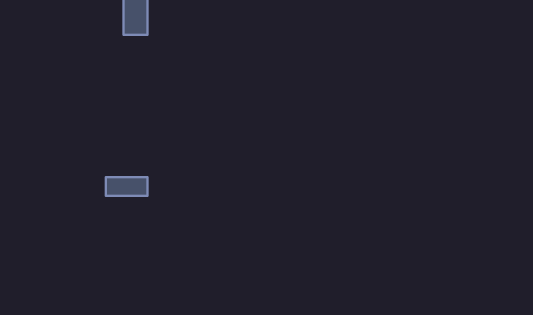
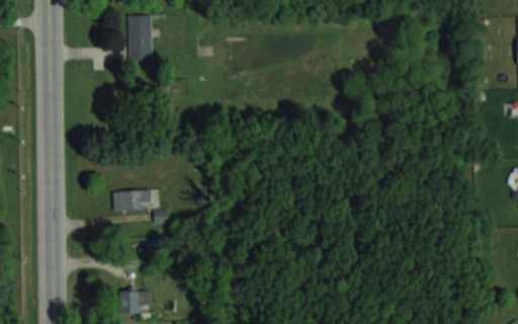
building: none -> [120,291,150,313]

